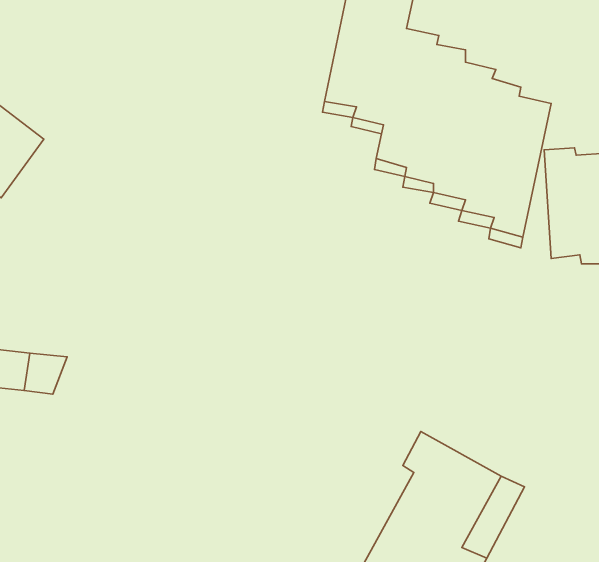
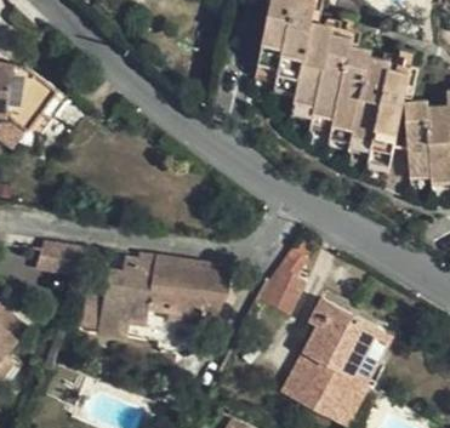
building: none -> [257,249,303,312]
building: none -> [99,252,230,336]

